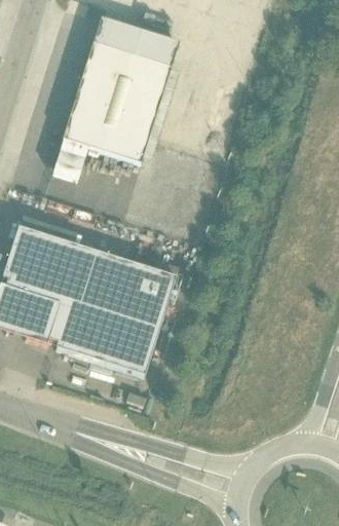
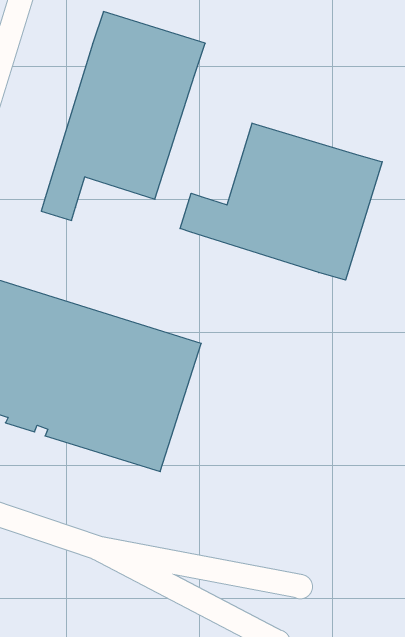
building: none -> [180,123,382,280]

